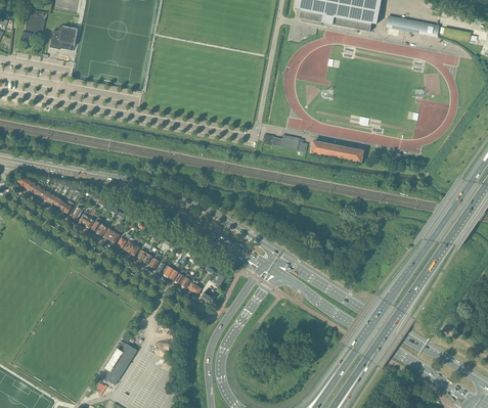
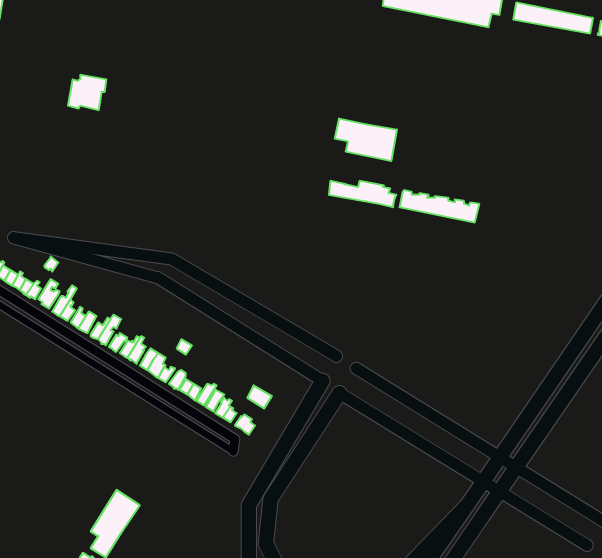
building: [50,27,76,50] -> [68,75,106,110]
building: none -> [335,118,397,161]

